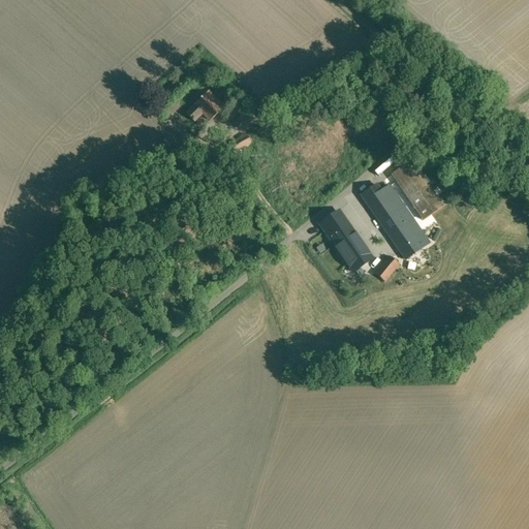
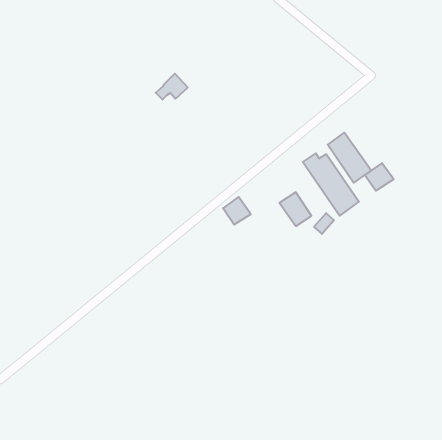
building: none -> [365,163,394,191]
building: [320,209,353,242] -> [223,197,251,225]

